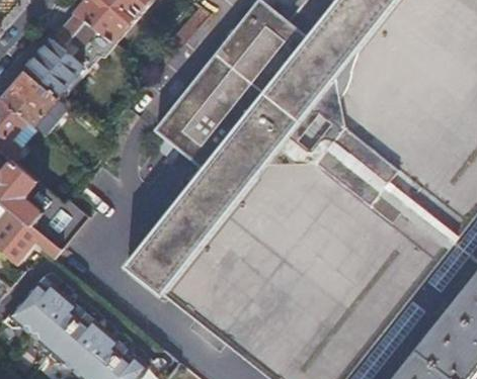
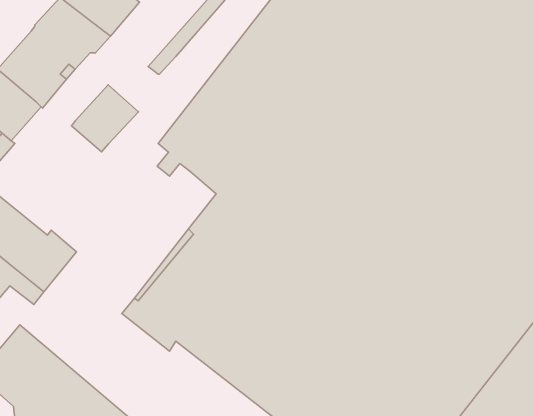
building: none -> [71,85,138,152]

